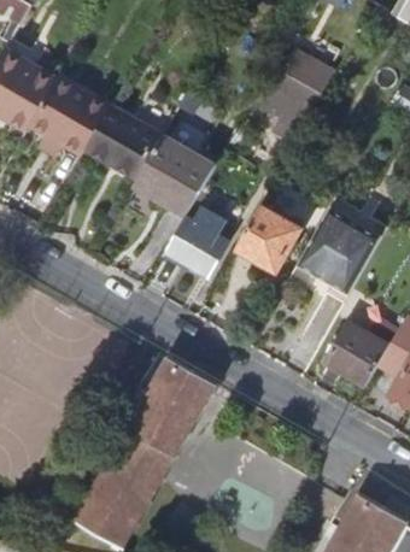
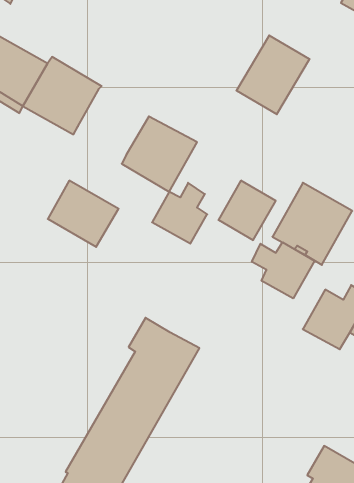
building: [87,106,163,177] -> [48,181,119,247]
building: none -> [252,242,315,298]

